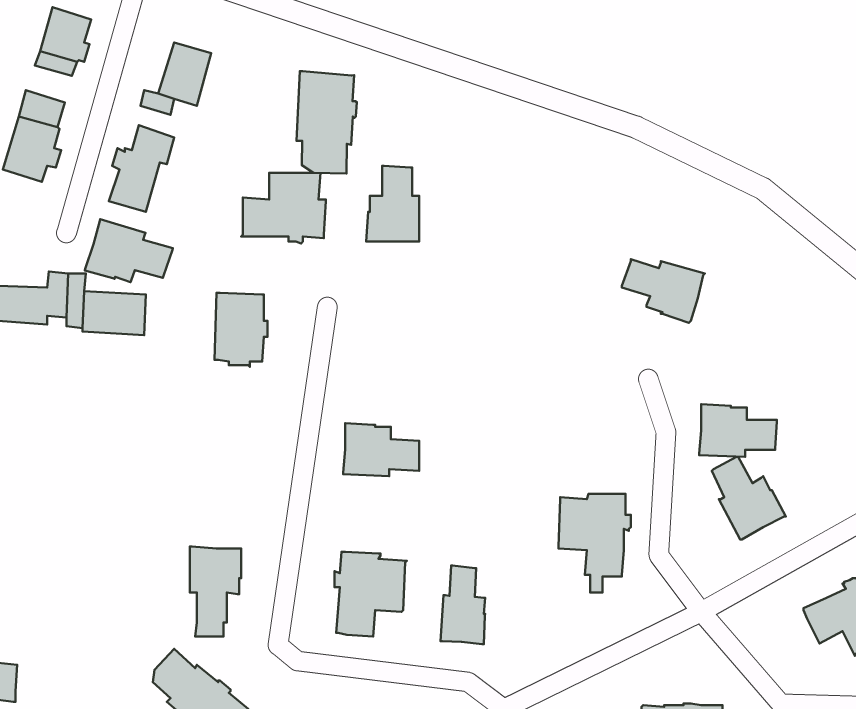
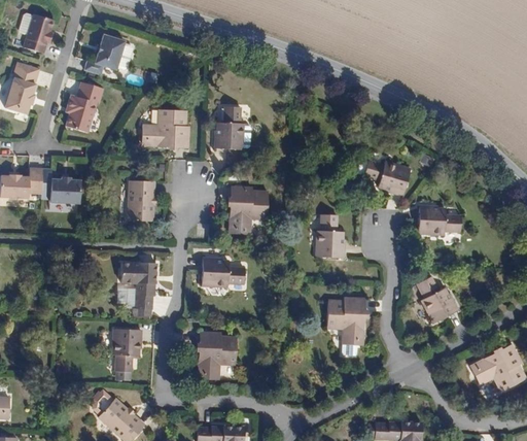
building: [297,71,357,173] -> none
building: [85,219,173,282] -> none
building: none -> [225,185,267,234]
building: none -> [315,212,346,258]
building: [699,404,777,457] -> [417,205,462,236]
building: none -> [121,262,157,316]
building: [441,565,485,644] -> none

